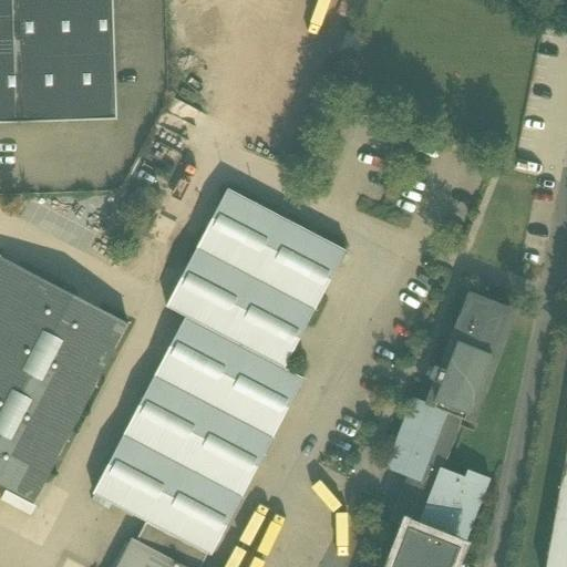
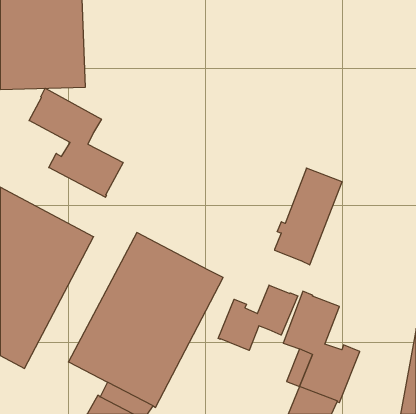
building: none -> [29,88,123,197]
building: [166,188,346,368] -> none
building: [425,291,517,423] -> [275,168,342,265]
building: none -> [218,285,298,350]

